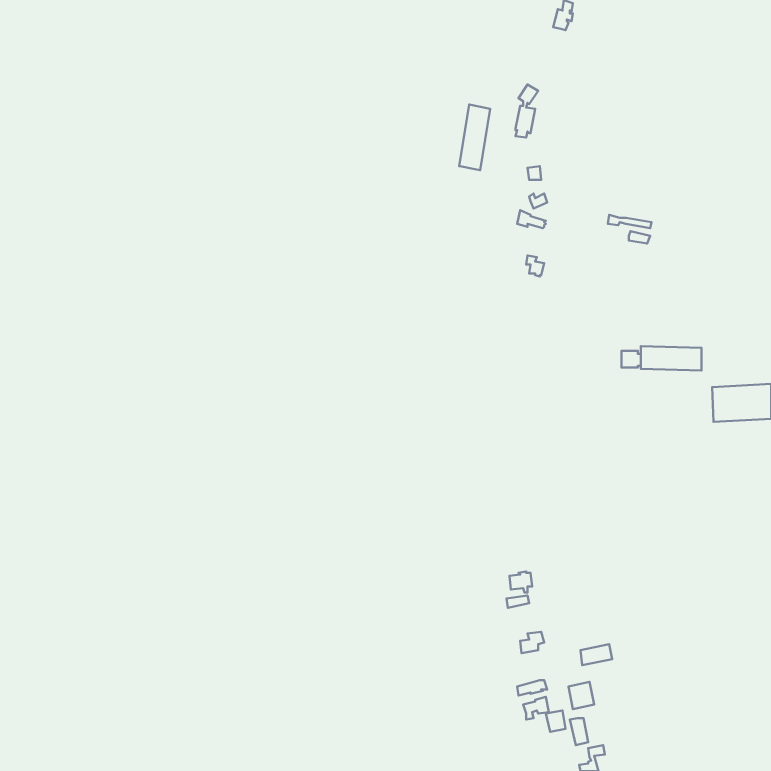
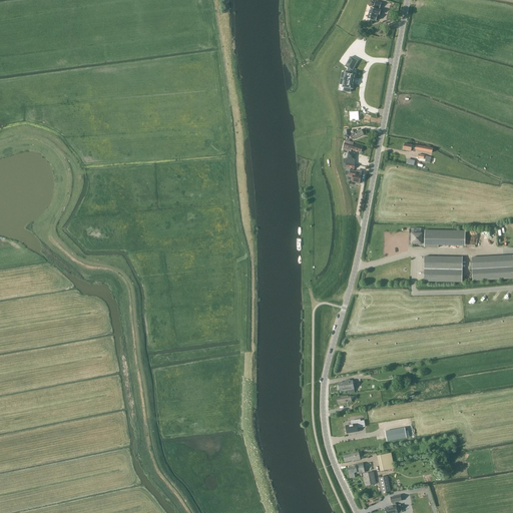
building: [459,105,490,170] -> none
building: none -> [424,255,463,282]

